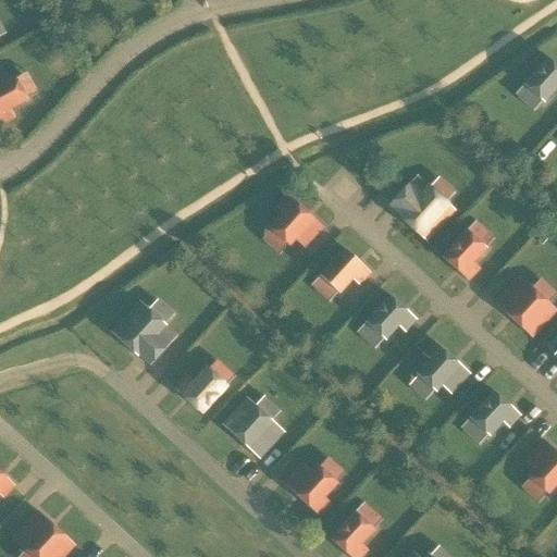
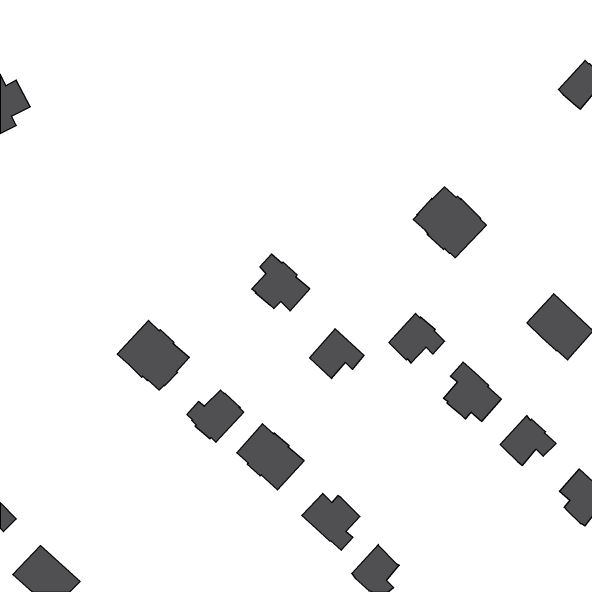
building: [270,195,324,248] -> [252,254,310,311]
building: [443,230,487,281] -> none
building: [321,247,372,294] -> [310,329,364,379]

